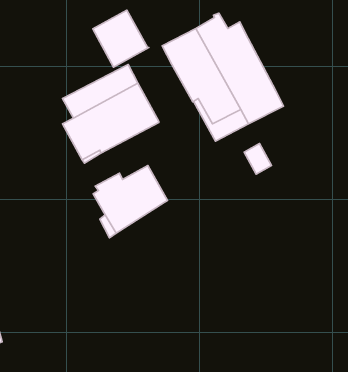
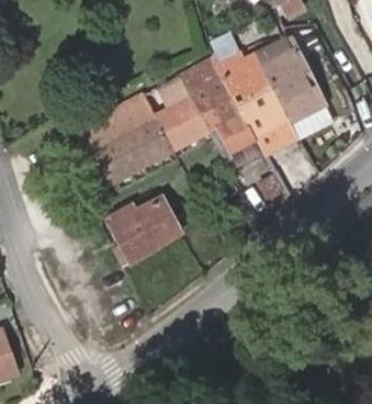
building: none -> [261,35,327,121]
building: [93,10,149,67] -> [154,94,210,152]

